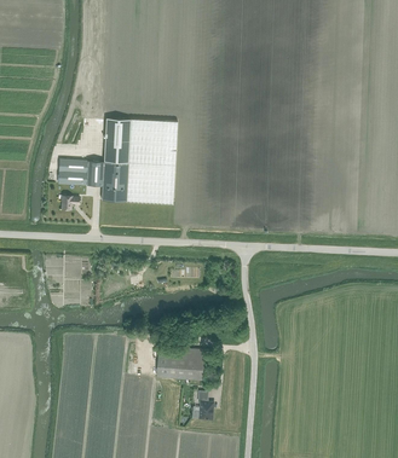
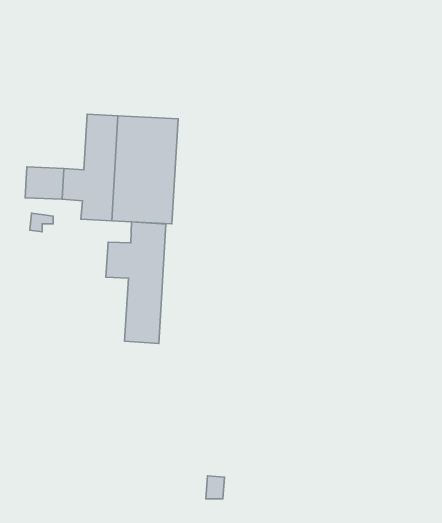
building: none -> [106,222,166,344]
building: [156,346,206,379] -> none

